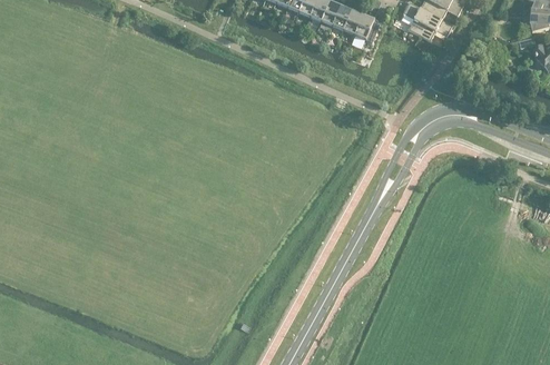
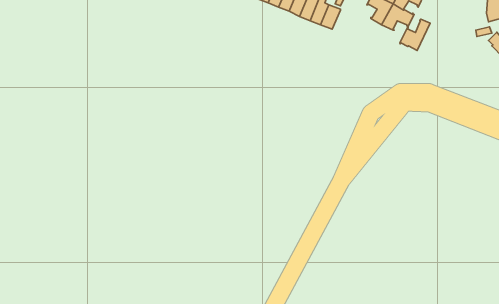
building: none -> [400,19,430,50]

